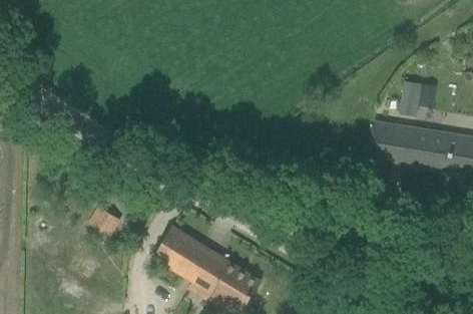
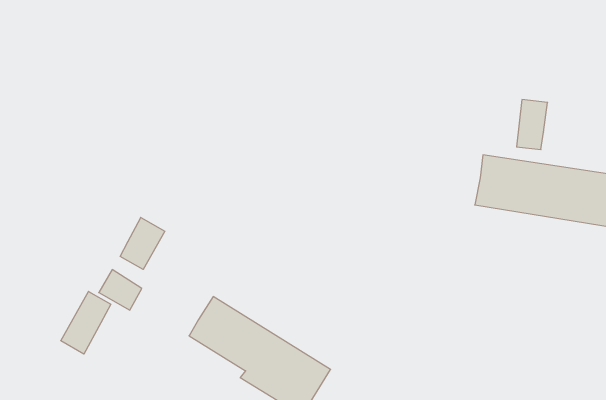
building: none -> [120,217,165,269]
building: none -> [61,291,111,354]

